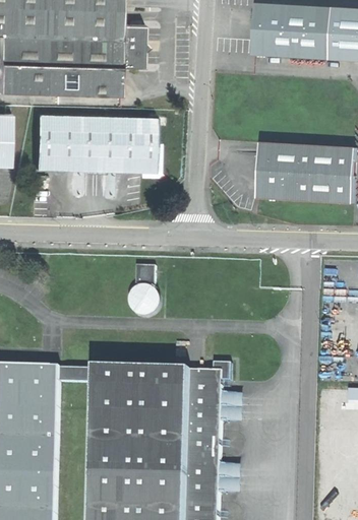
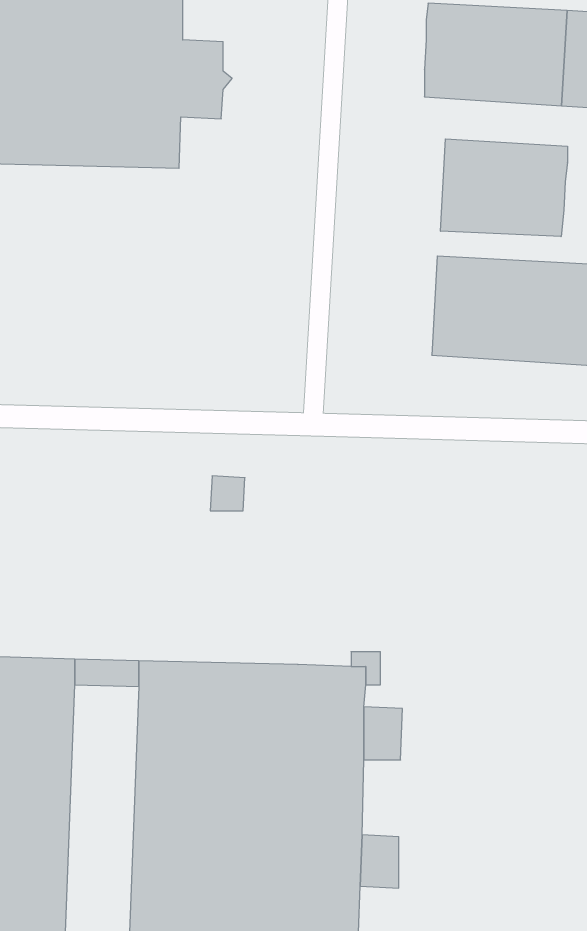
building: none -> [441,139,567,237]
building: [34,115,154,172] -> none

